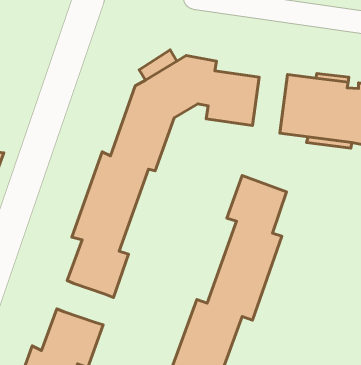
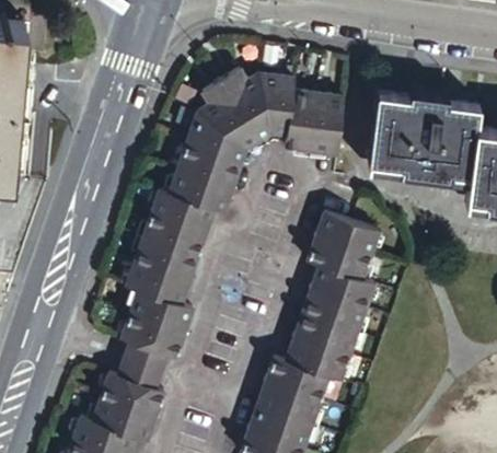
building: none -> [120,339,166,384]

